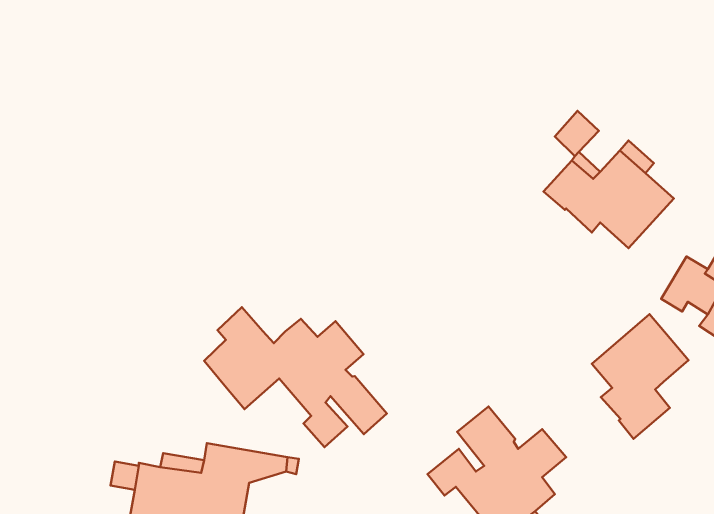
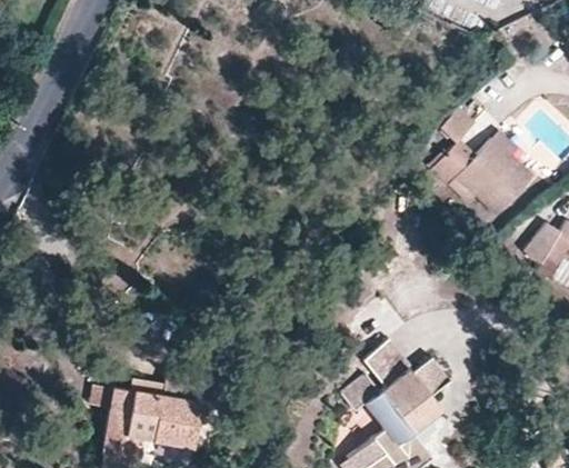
building: [204,307,387,447] -> none
building: [592,314,688,439] -> none

